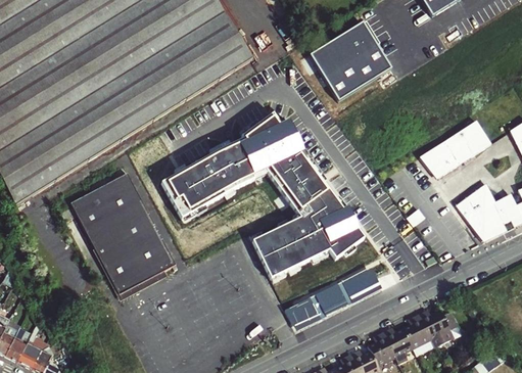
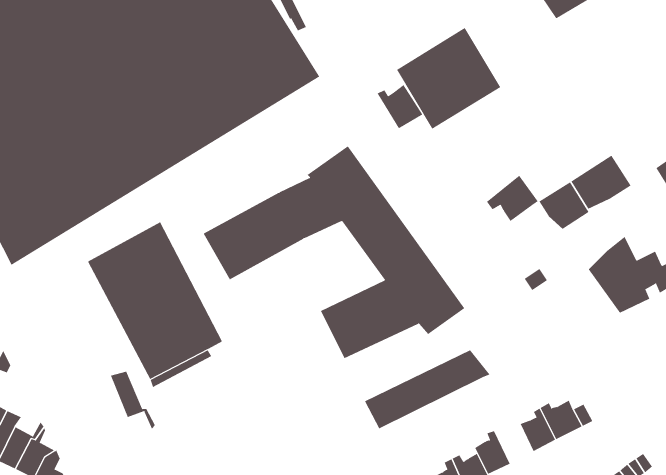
building: none -> [377,84,423,129]
building: none -> [486,175,538,222]
building: none -> [110,371,156,430]
building: [385,326,415,361] -> none

